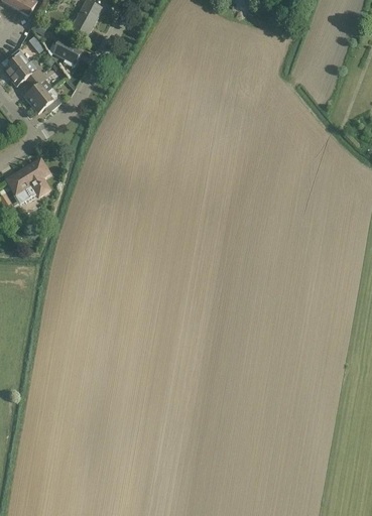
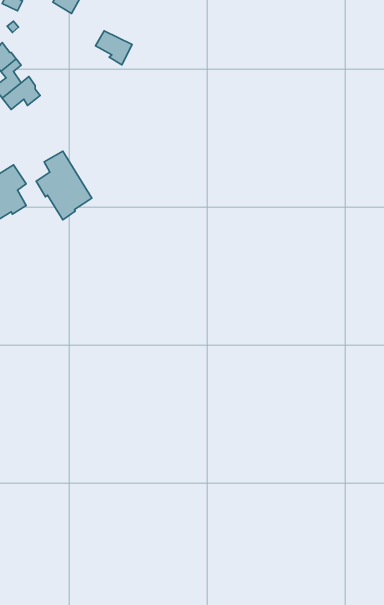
building: [51,39,81,67] -> [95,31,132,65]
building: none -> [36,151,92,220]

